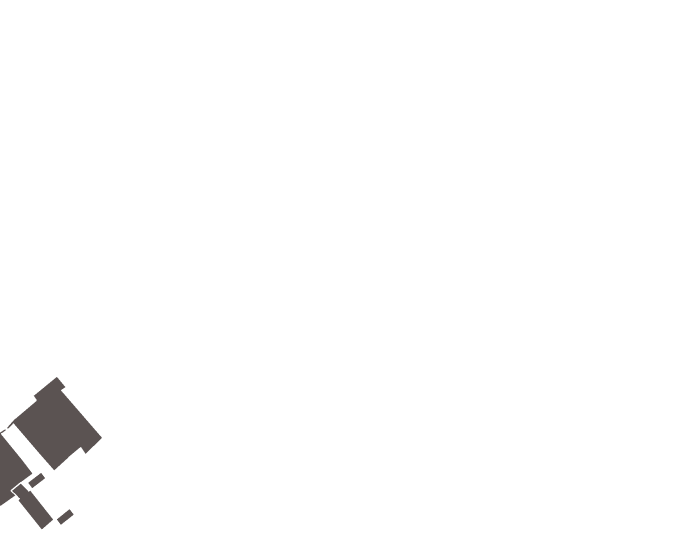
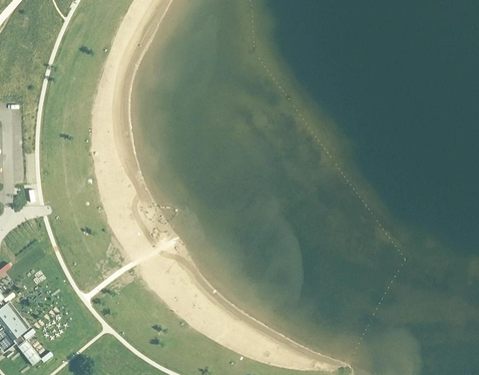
building: [7,376,103,471] -> none

